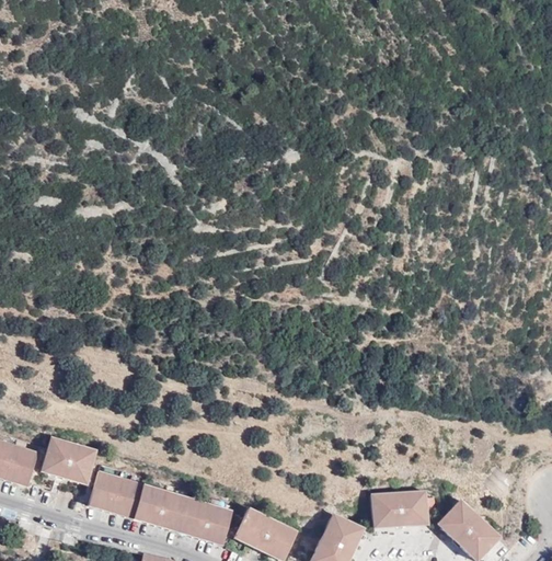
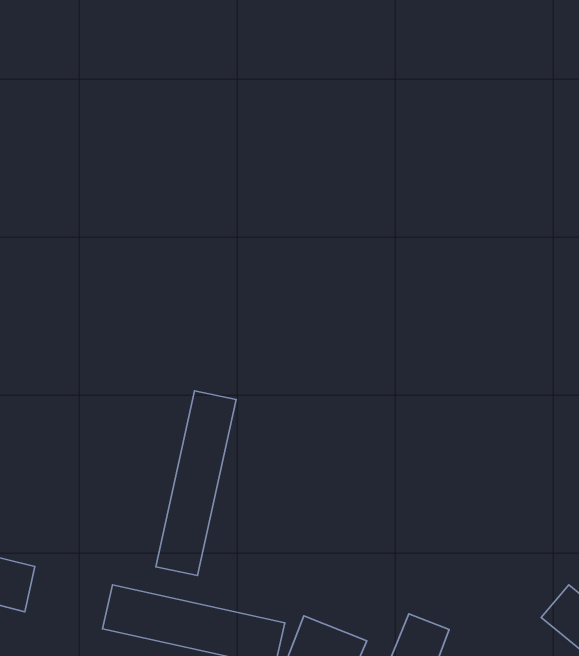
building: none -> [156,391,236,575]
building: [43,435,99,484] -> none
building: [371,490,427,528] -> none

